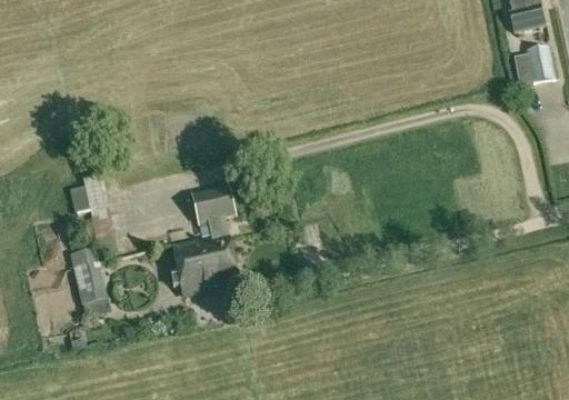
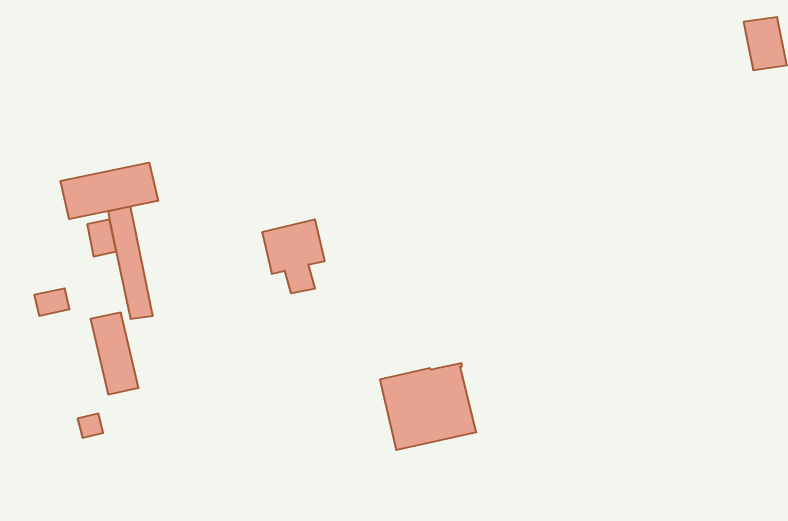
building: none -> [60,163,158,219]
building: [171,233,238,293] -> [380,363,476,450]

